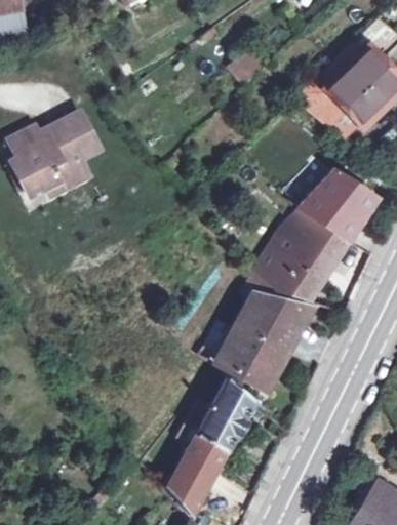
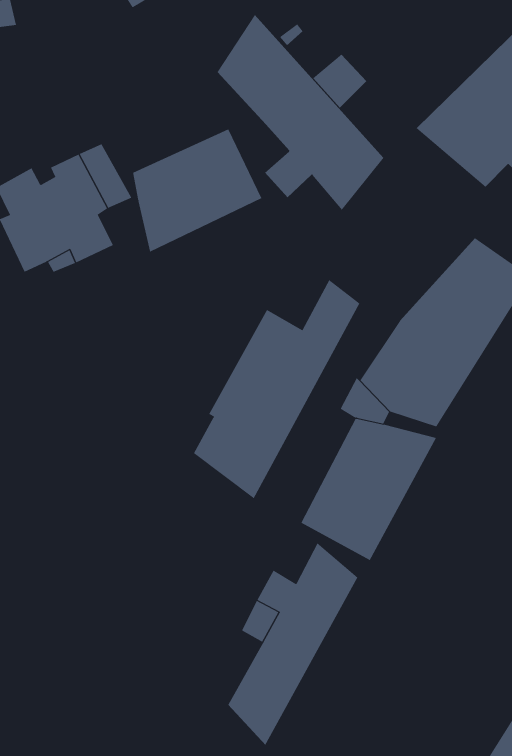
building: none -> [217,14,384,211]
building: none -> [133,128,262,252]
building: none -> [193,279,360,499]

